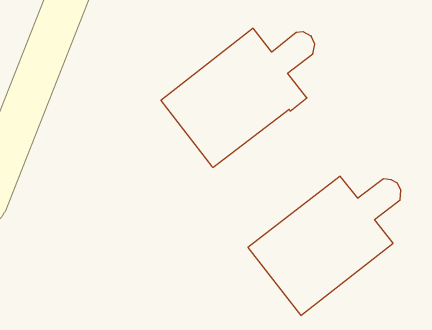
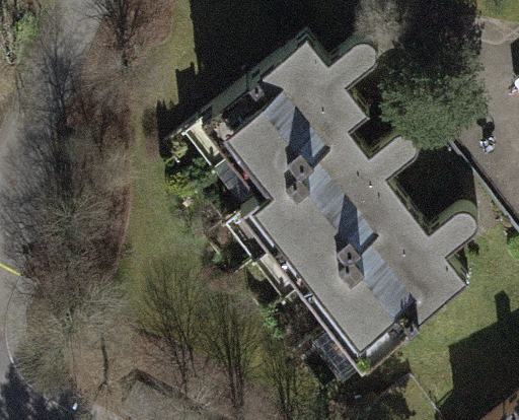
building: none -> [241,133,419,292]

